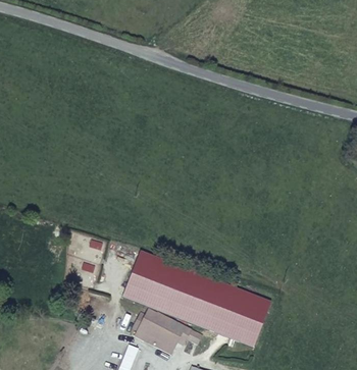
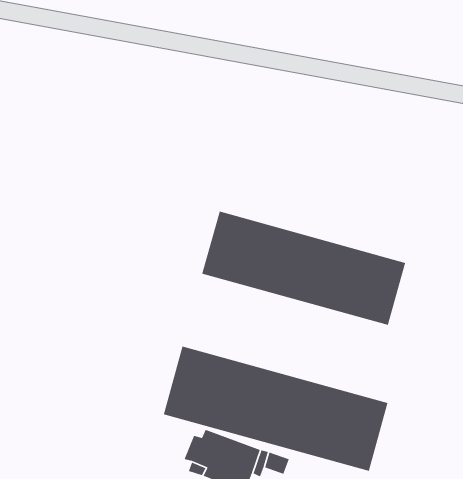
building: none -> [201,211,406,326]

